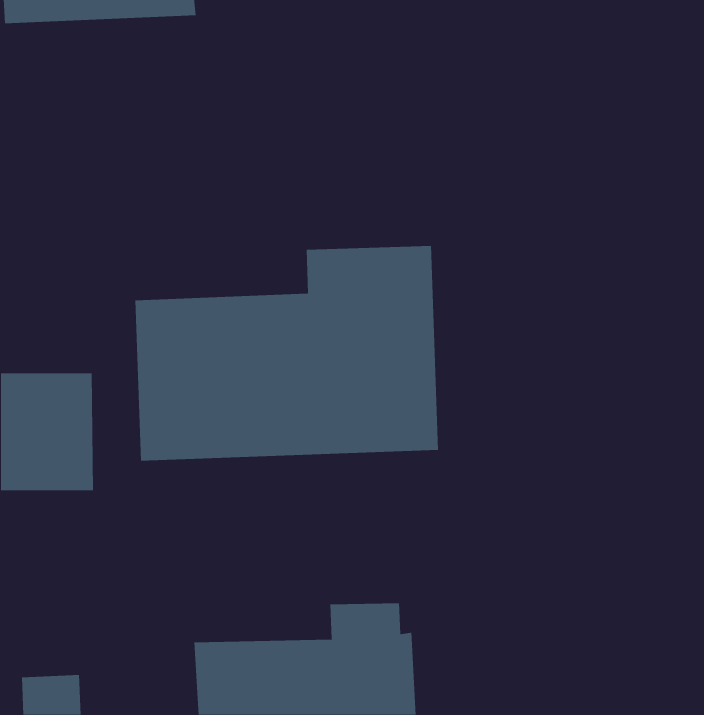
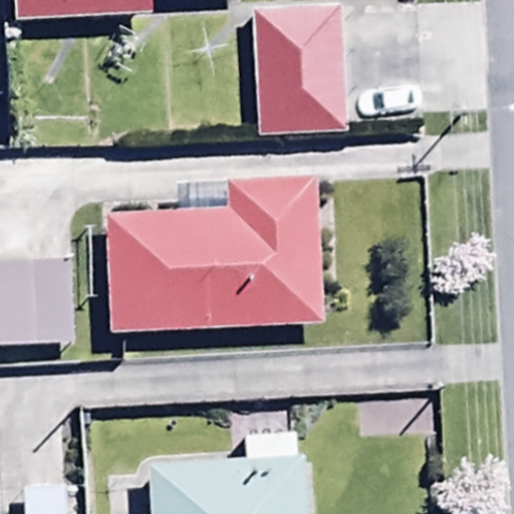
building: none -> [256,8,343,133]

